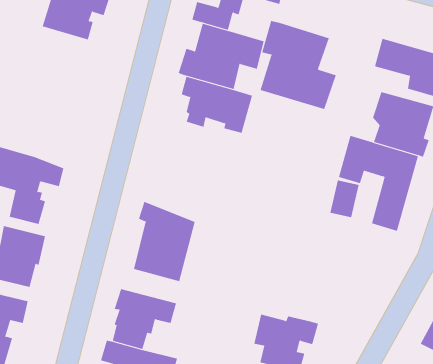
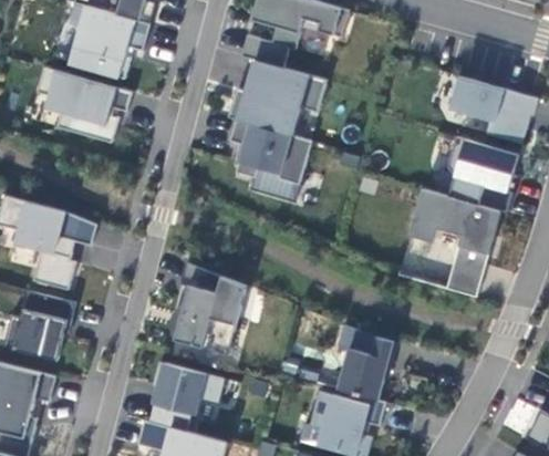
building: [260,20,337,110] -> none
building: none -> [37,68,132,143]
building: none -> [338,324,396,400]

